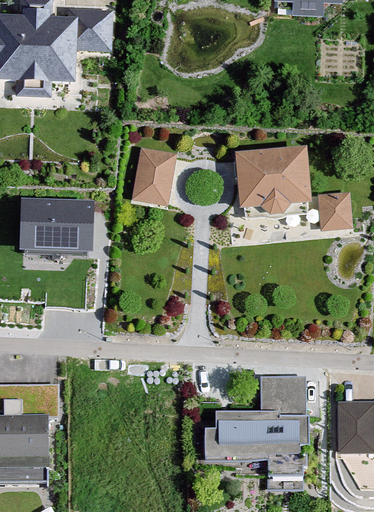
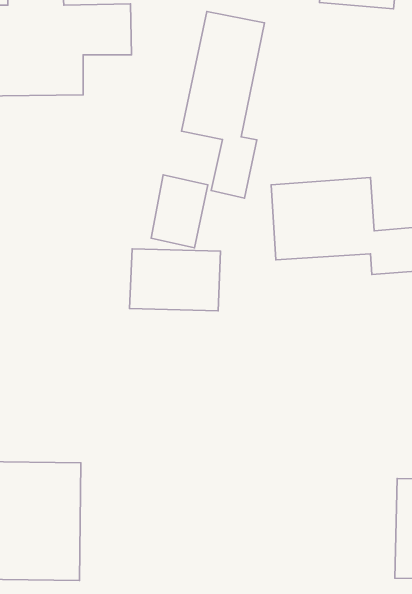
building: none -> [182,12,264,198]
building: [25,191,100,242] -> [130,249,221,311]
building: [192,375,303,480] -> none

